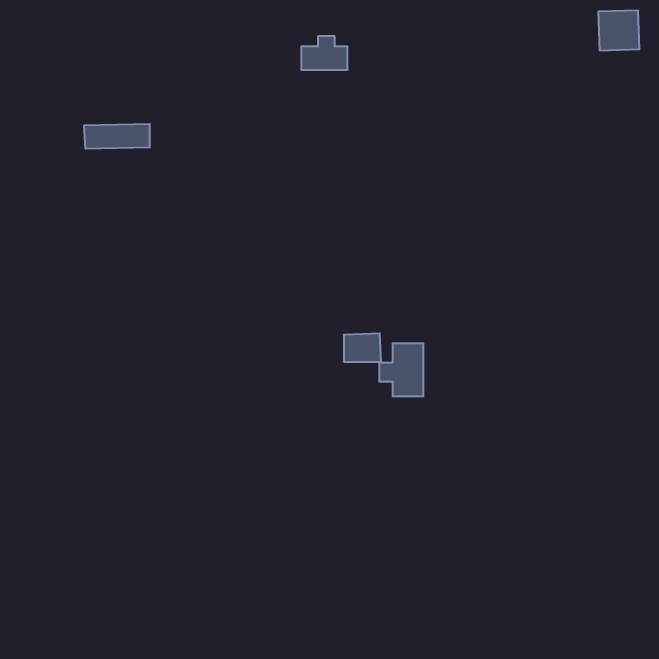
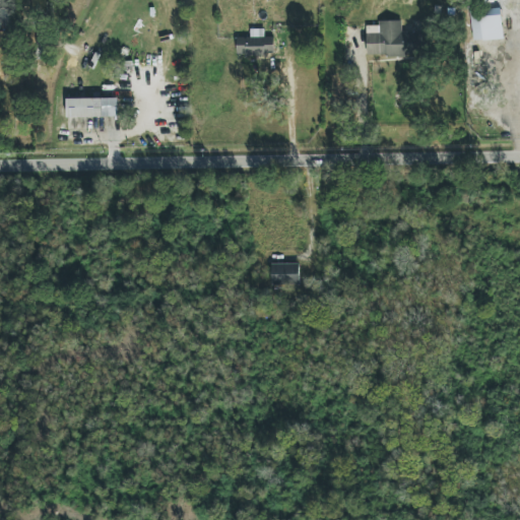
building: none -> [367,20,424,55]
building: [380,343,423,397] -> none

